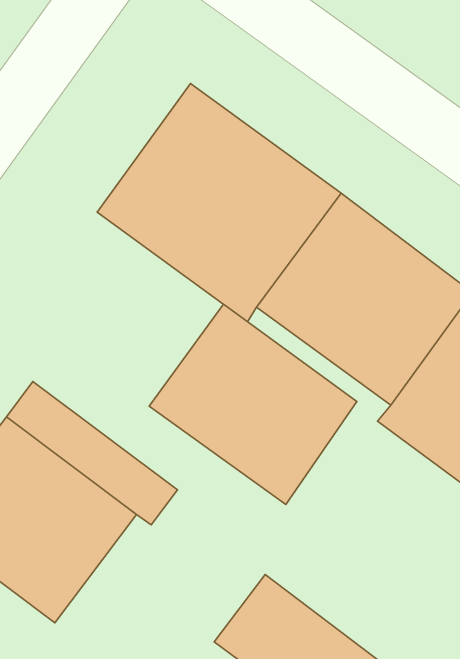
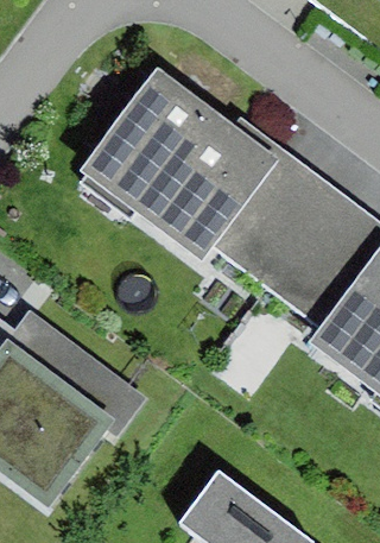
building: [149,304,357,505] -> none

